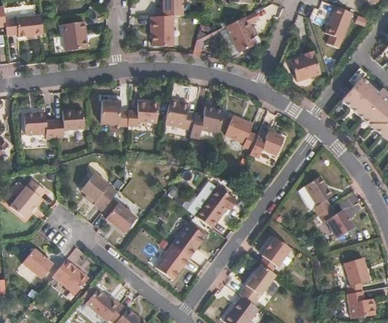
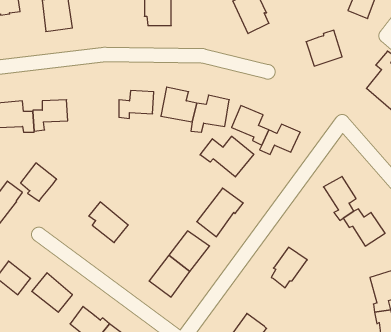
building: [100,100,128,126] -> none
building: none -> [200,136,254,177]
building: [84,180,115,213] -> [21,163,57,201]
building: [238,264,275,305] -> none

